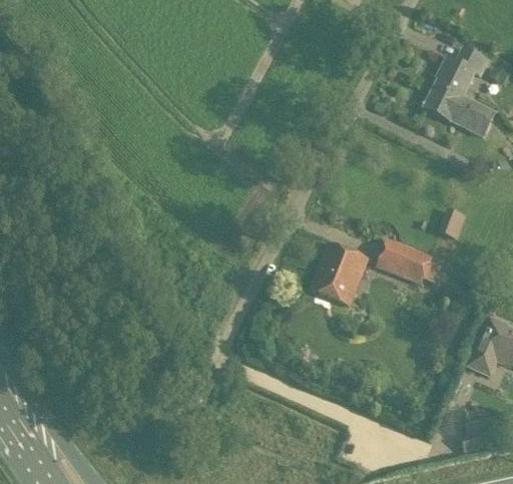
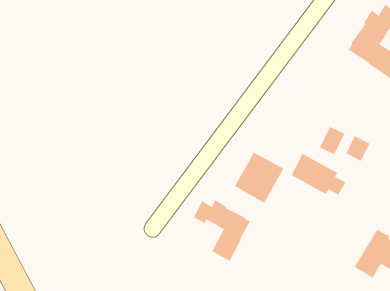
building: none -> [319,126,345,155]
building: none -> [193,200,250,262]

